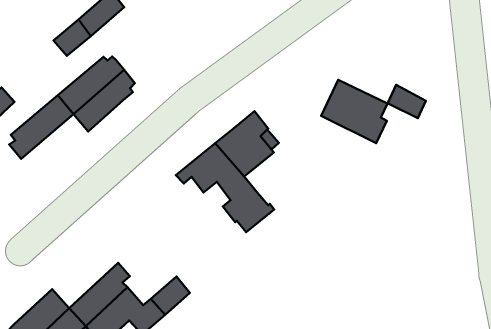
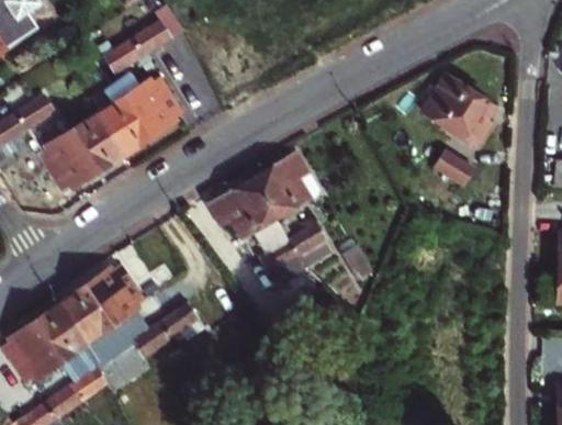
building: [321,80,387,143] -> [425,78,494,148]
building: none -> [52,130,124,182]
building: none -> [286,222,329,265]
building: none -> [63,270,134,326]

